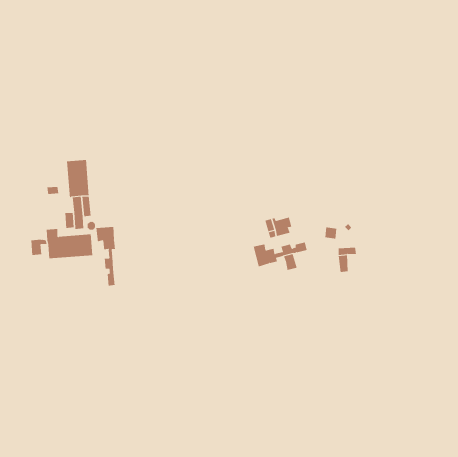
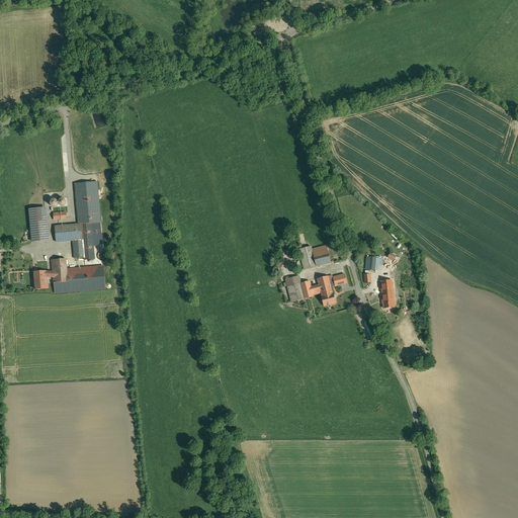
building: none -> [28,206,50,241]
building: none -> [55,223,83,242]
building: [96,226,115,286] -> none

